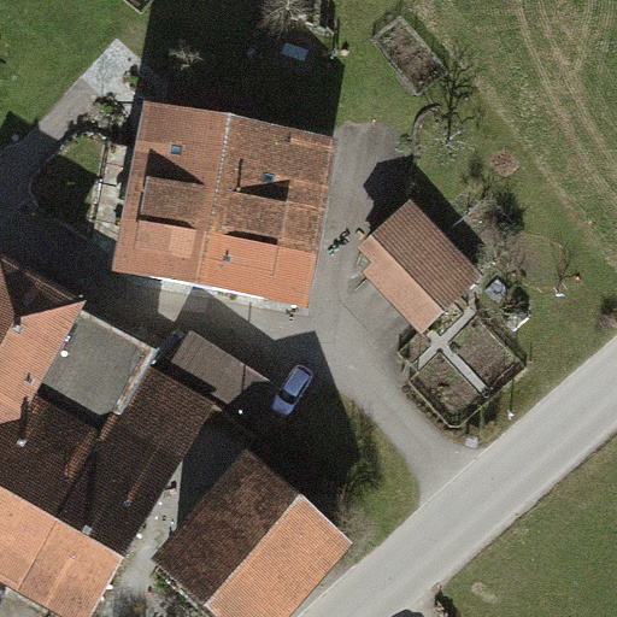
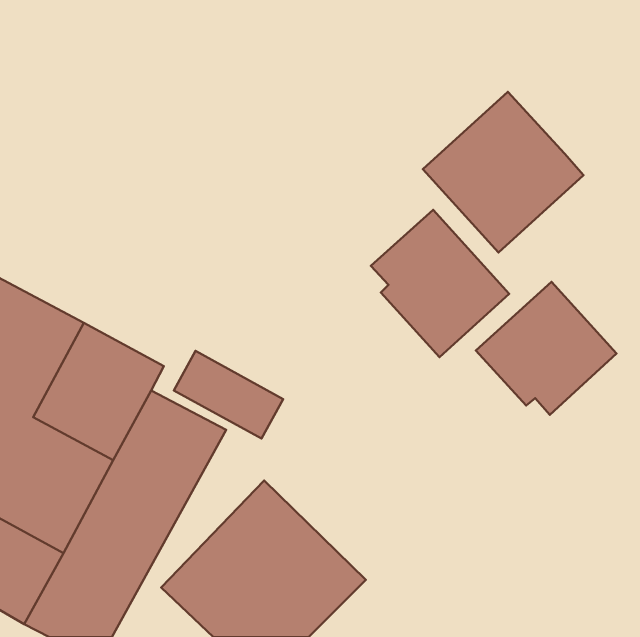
building: [122,67,321,289] -> none
building: none -> [423,92,583,252]
building: none -> [476,282,617,415]

